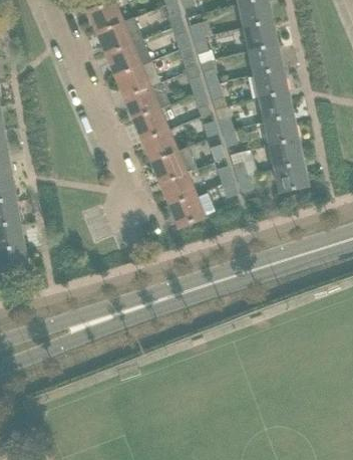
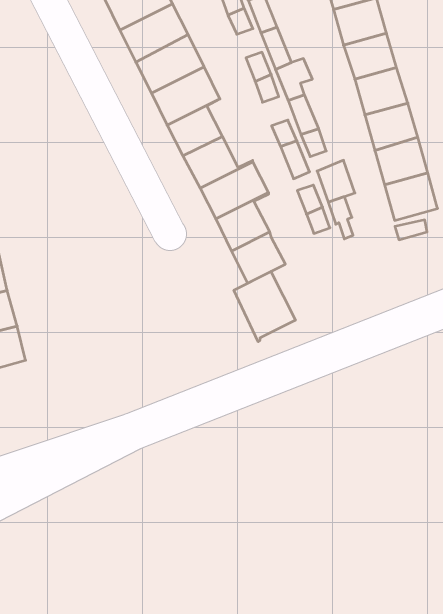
building: none -> [234,271,295,342]

